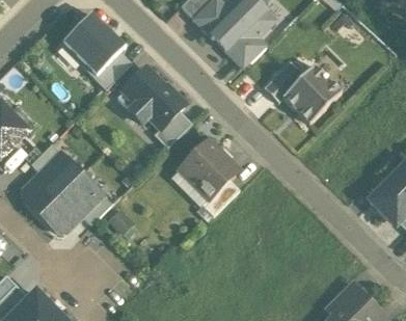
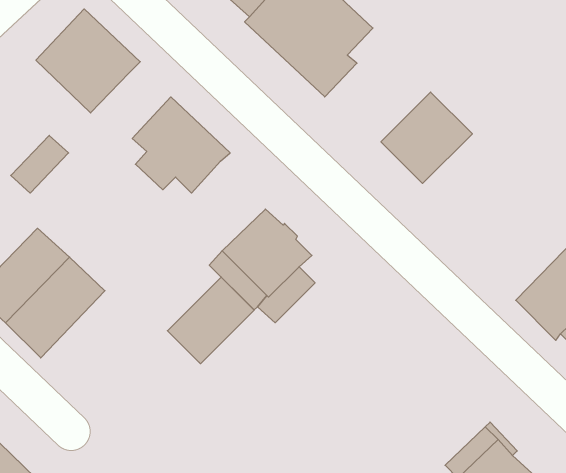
building: [94,52,132,89] -> [11,135,69,193]
building: [264,60,304,102] -> none
building: [155,109,193,149] -> none
building: none -> [167,277,254,364]

